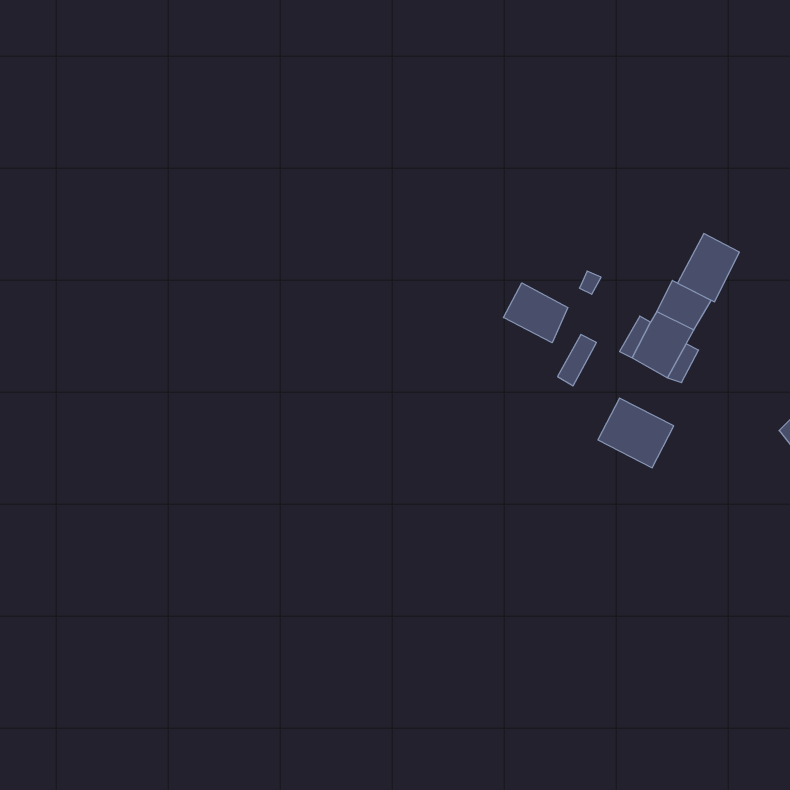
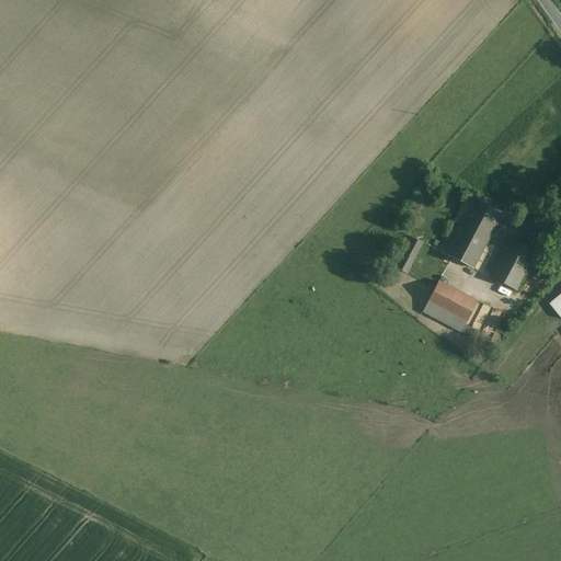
building: [677,234,739,302] -> [491,241,535,289]
building: [503,283,568,343] -> none

